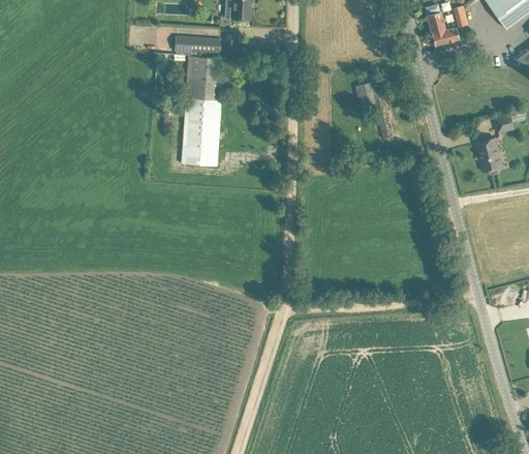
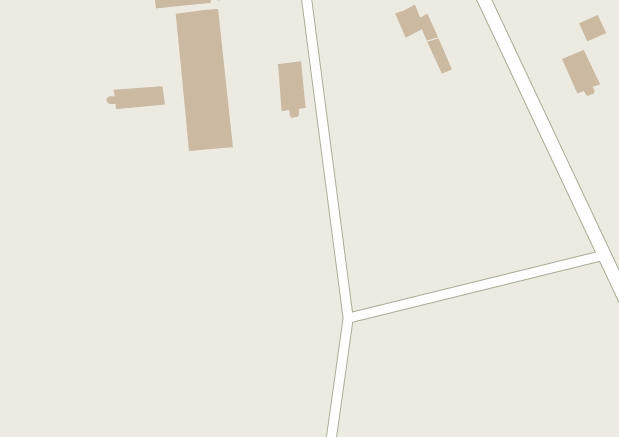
building: none -> [106,85,166,110]
building: none -> [278,61,306,118]

